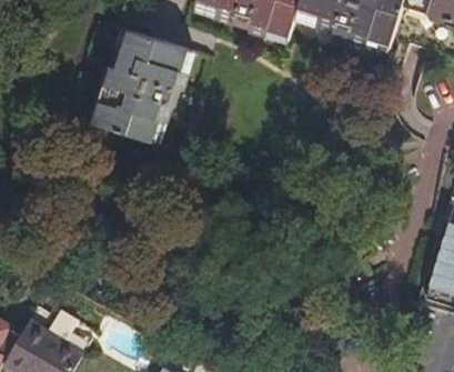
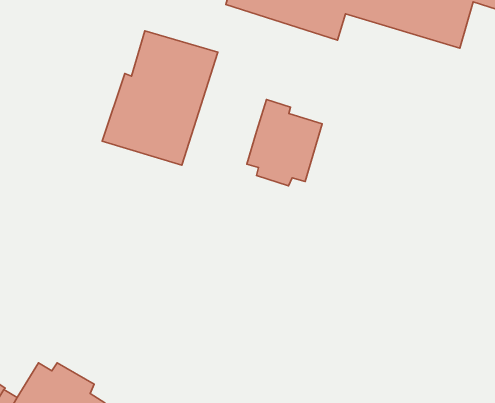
building: none -> [247,99,322,186]

